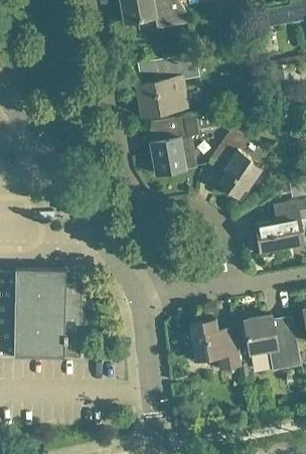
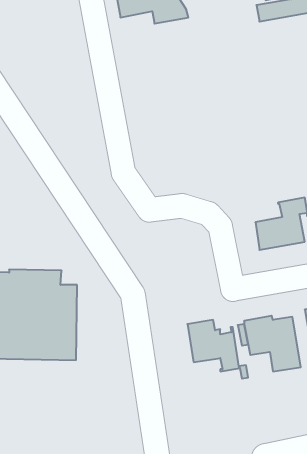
building: [134,52,199,116] -> none
building: [148,111,218,174] -> none
building: [206,126,263,199] -> none

